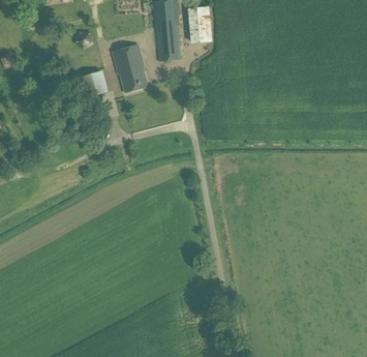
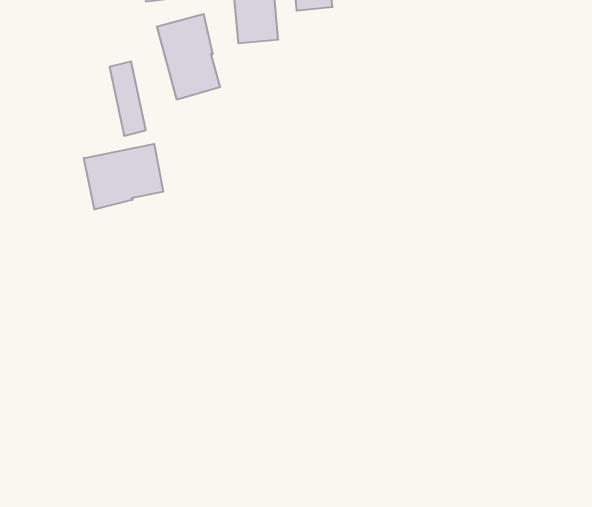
building: none -> [84,144,163,210]

